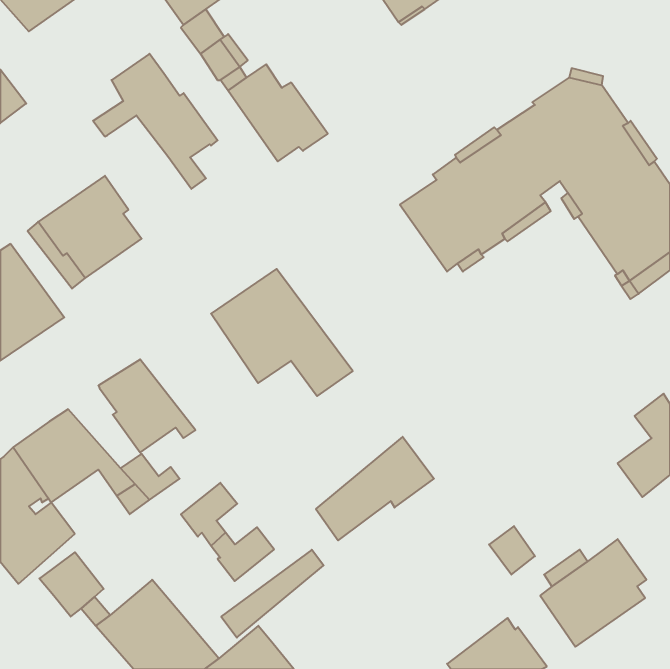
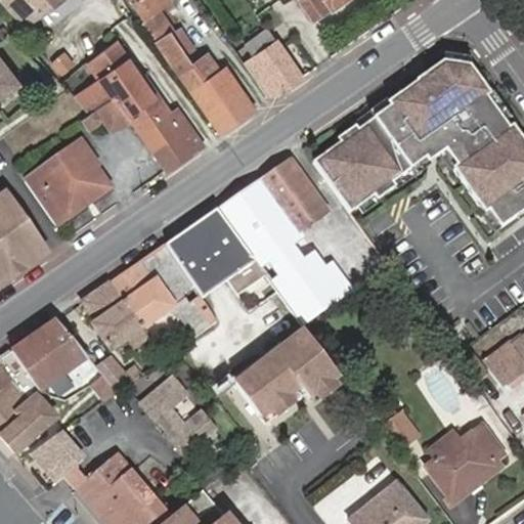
building: none -> [242,26,300,97]
building: none -> [81,90,131,129]
building: none -> [148,106,203,169]
building: none -> [216,157,386,323]
building: none -> [110,245,216,345]
building: [221,550,324,638] -> [234,329,314,397]

